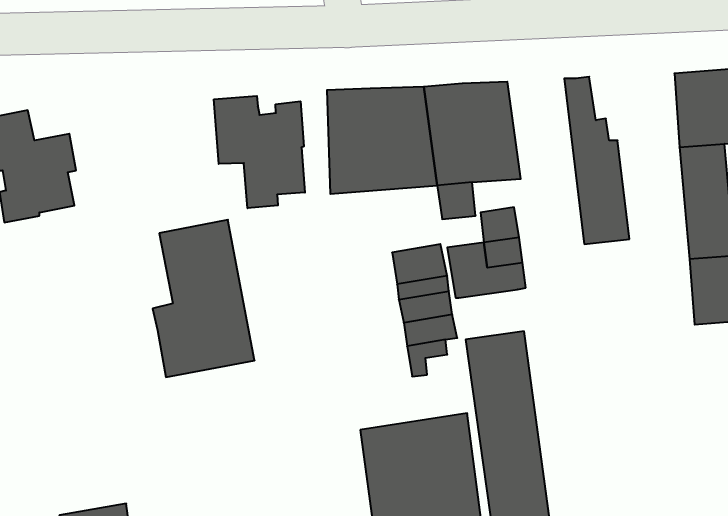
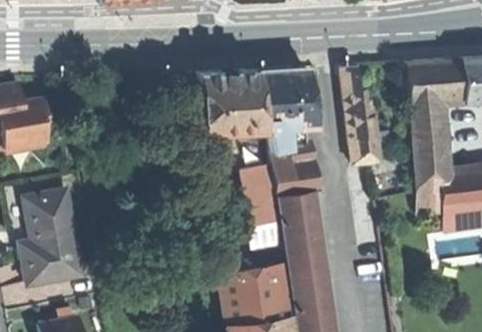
building: [214,96,305,208] -> none
building: [153,220,255,377] -> [22,193,83,287]
building: none -> [280,193,319,223]

